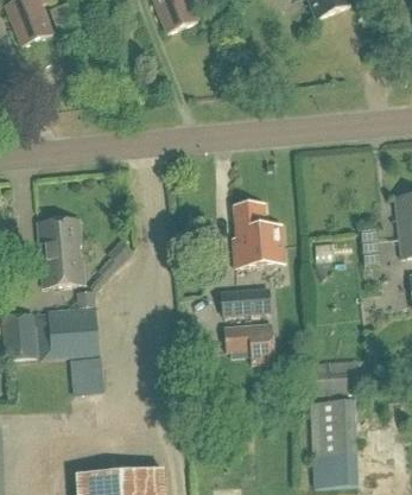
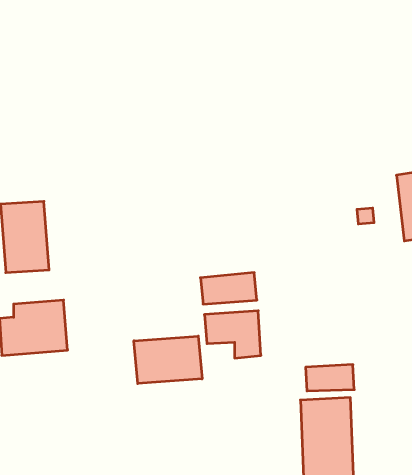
building: [233,214,283,268] -> none
building: none -> [134,336,202,384]
building: [69,356,103,393] -> none

